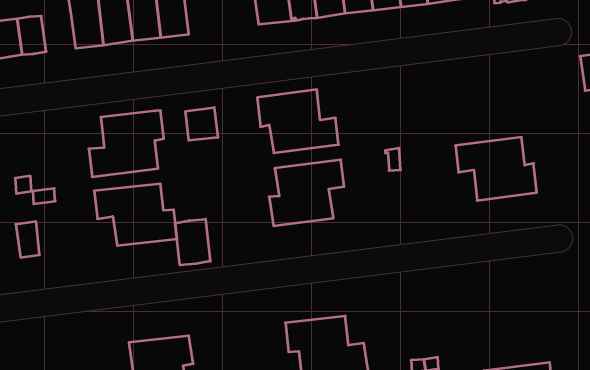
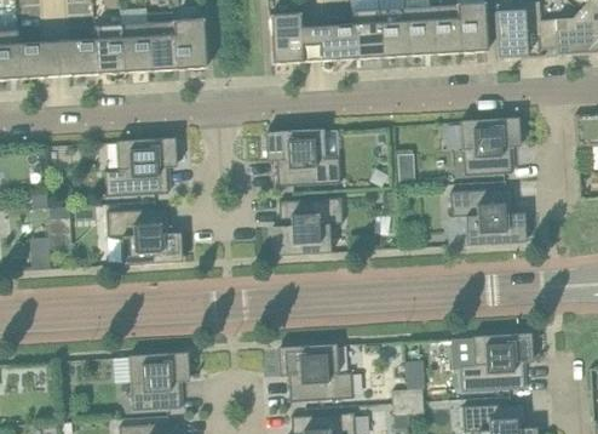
building: none -> [69,39,99,75]
building: none -> [462,118,521,175]
building: [186,107,218,140] -> none
building: [175,219,210,265] -> none
building: none -> [453,333,533,390]

